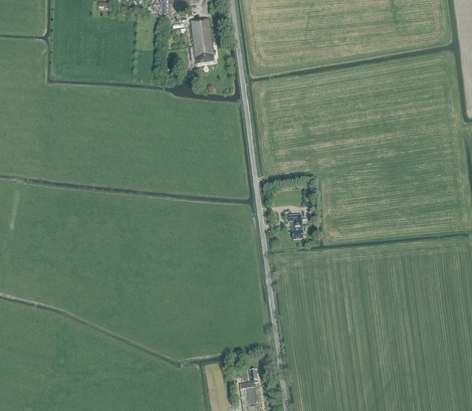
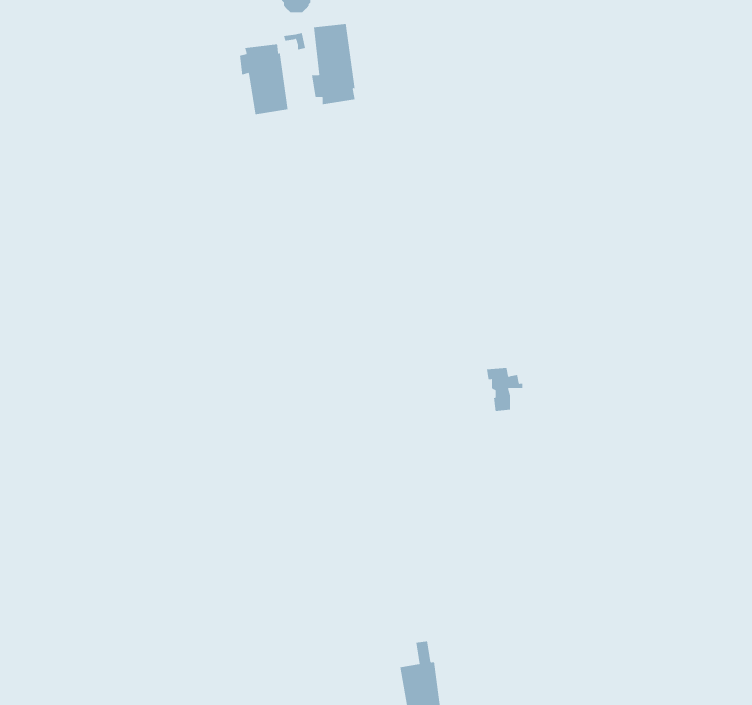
building: none -> [239,44,288,115]

